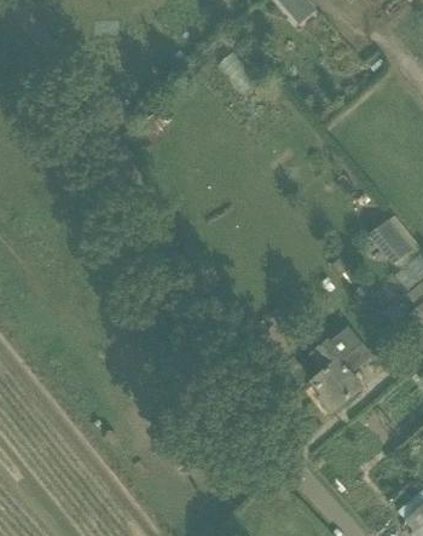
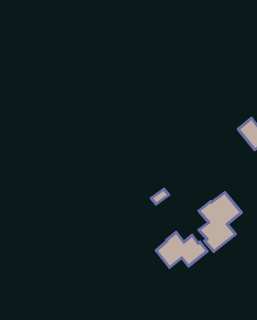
building: none -> [156,232,207,268]

